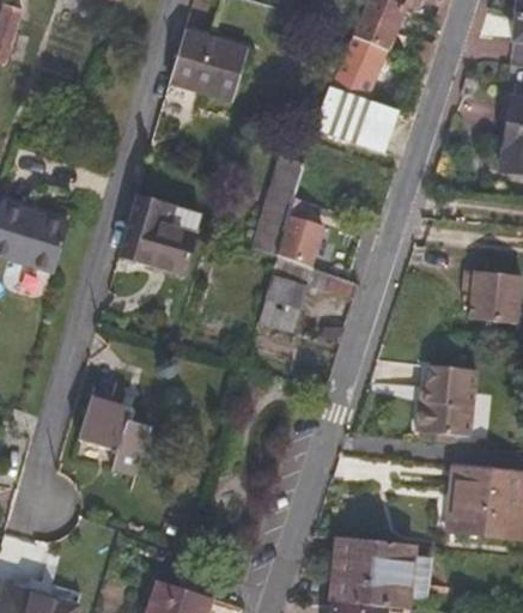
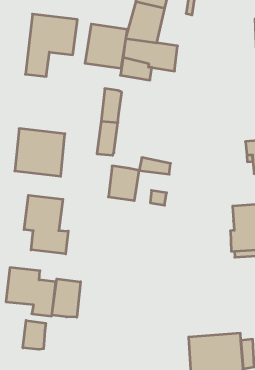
building: none -> [85,24,127,69]
building: [272,195,316,263] -> none
building: none -> [24,195,68,254]
building: none -> [52,279,81,317]
building: none -> [23,320,46,349]

